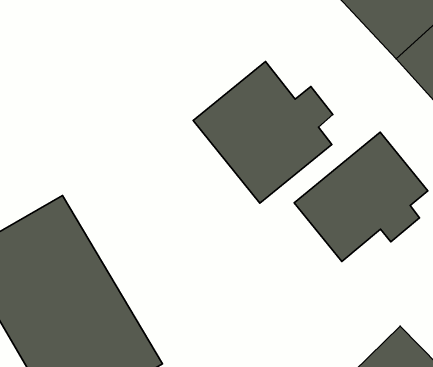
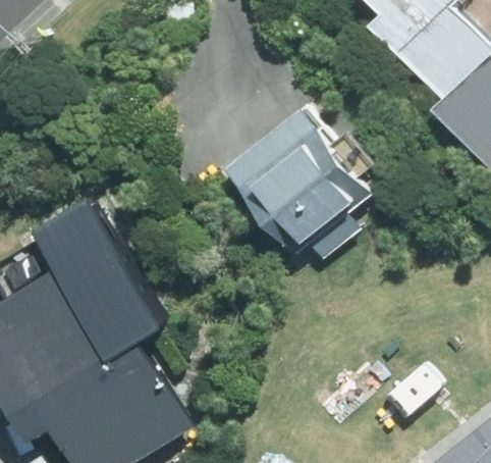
building: [294,132,428,261] -> none

